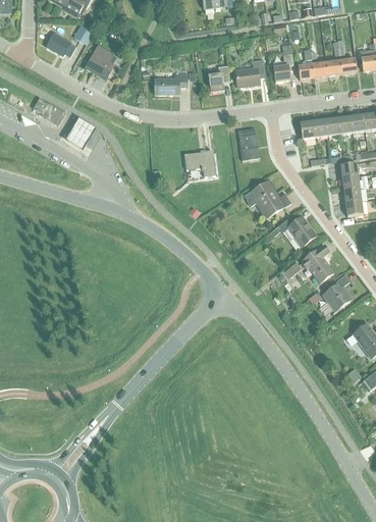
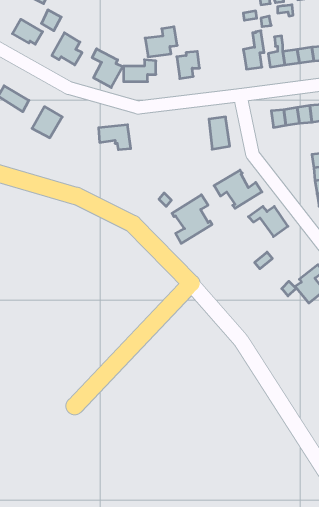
building: [234,57,266,87] -> [145,27,177,57]
building: none -> [92,49,123,88]
building: [183,151,215,175] -> [99,125,131,150]
building: none -> [172,195,212,243]
building: [301,246,333,282] -> none

